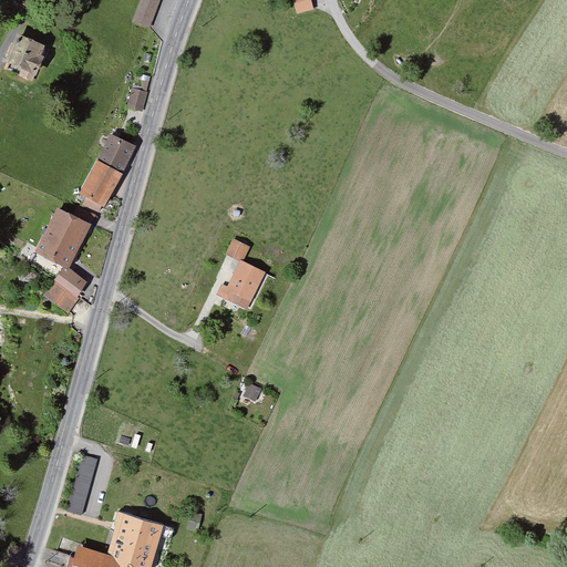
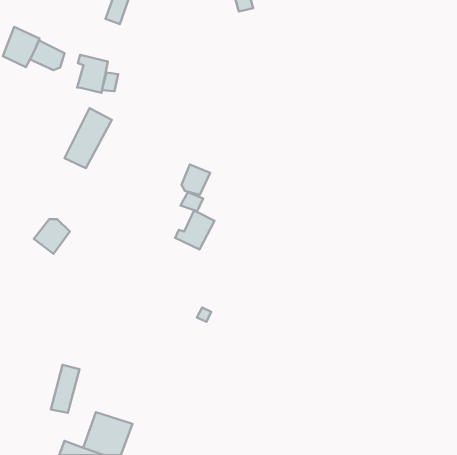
building: none -> [30,41,64,70]
building: none -> [77,55,108,93]
building: none -> [181,164,210,195]
building: [35,208,92,270] -> none

